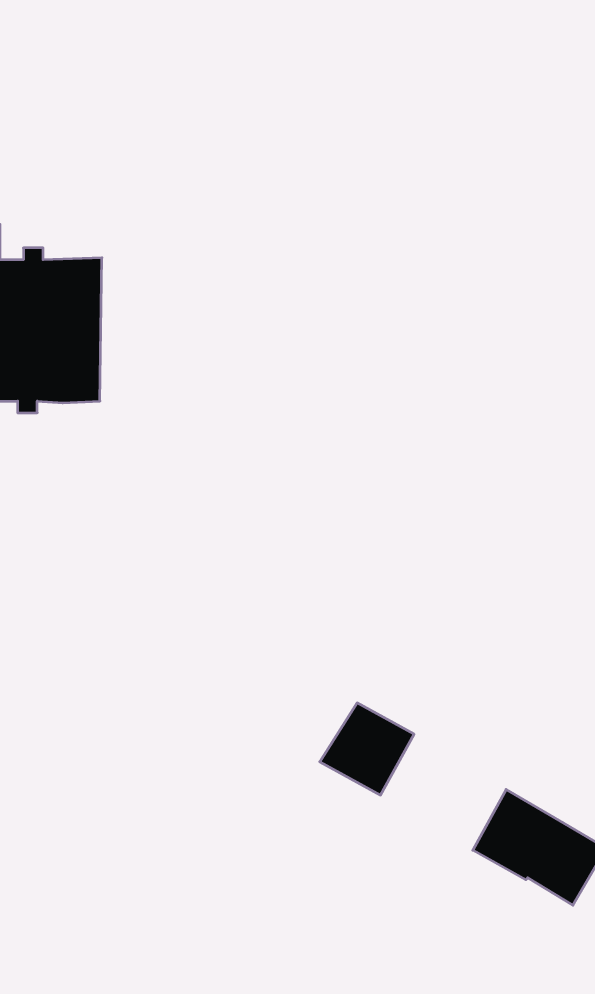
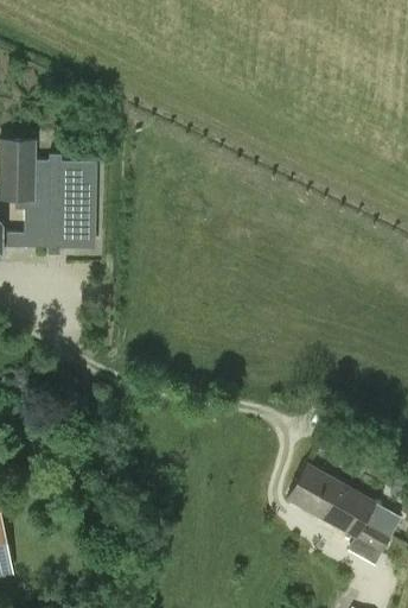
building: [320,703,414,795] -> [283,463,340,519]

